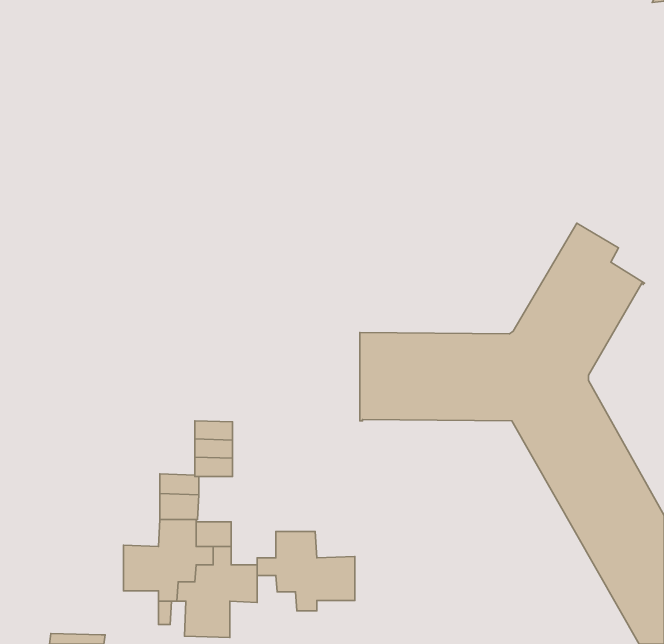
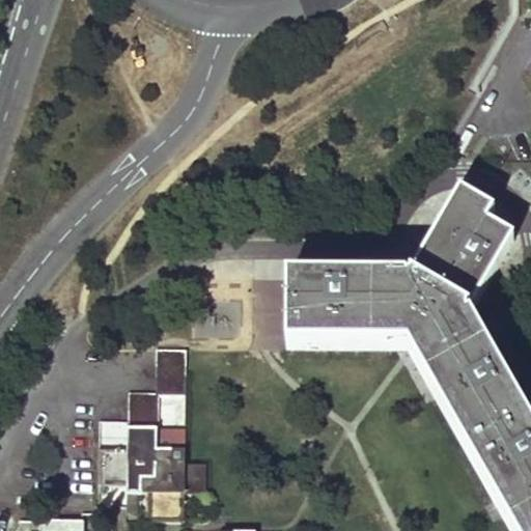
building: [257,531,355,611] -> none

